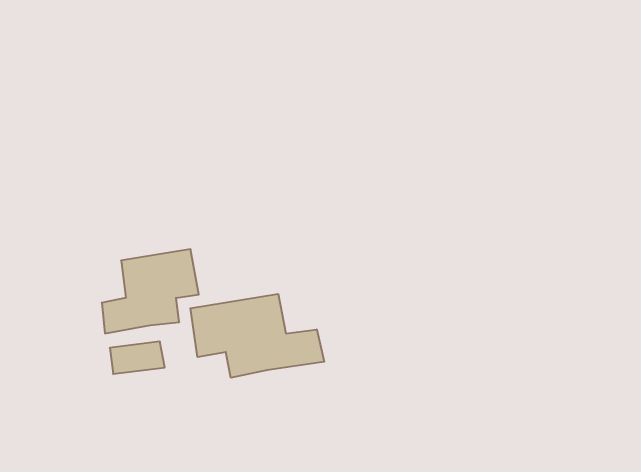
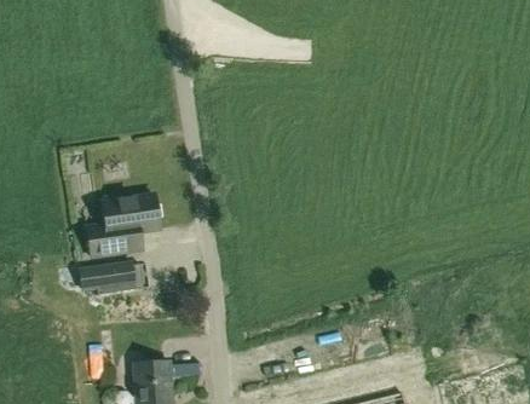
building: [190,294,324,378] -> none

